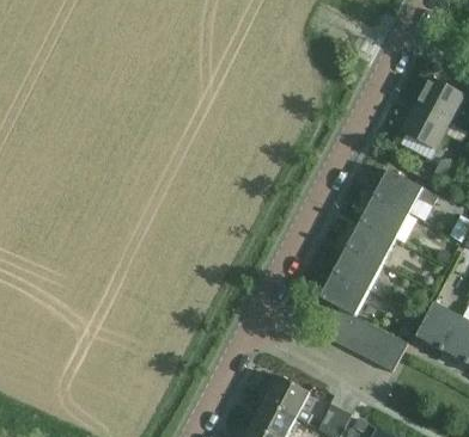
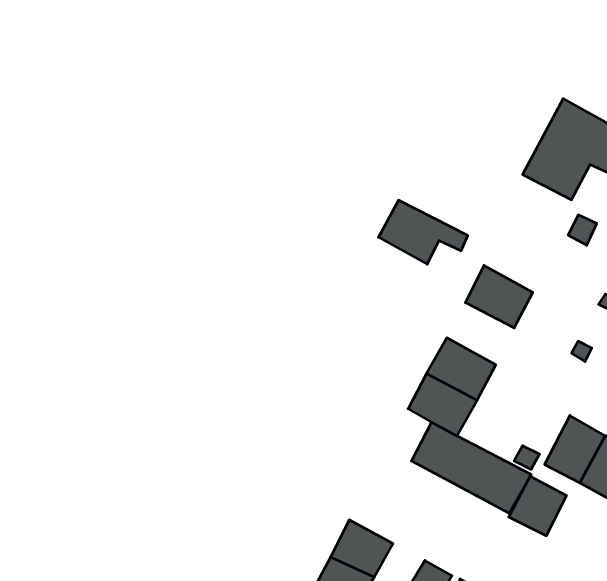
building: [373,168,437,214] -> [378,200,468,264]
building: [347,221,395,265] -> none
building: none -> [509,476,566,536]

